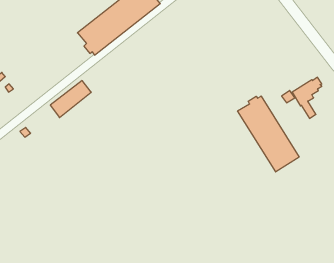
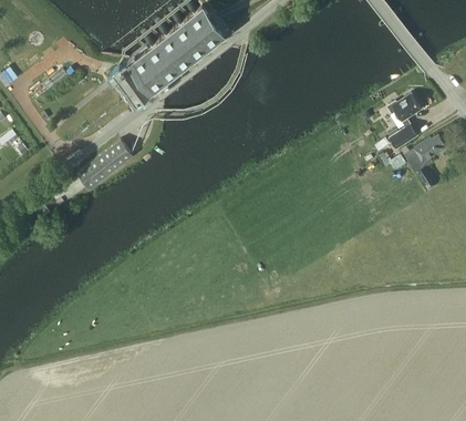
building: none -> [386,93,422,148]
building: [238,96,299,172] -> none

